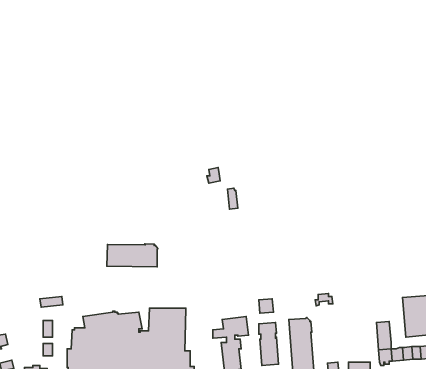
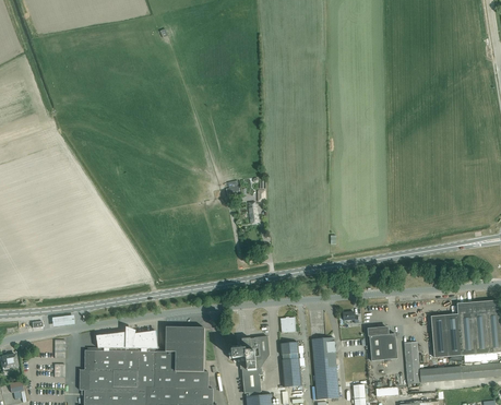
building: [107,244,158,267] -> none
building: none -> [368,327,397,361]

